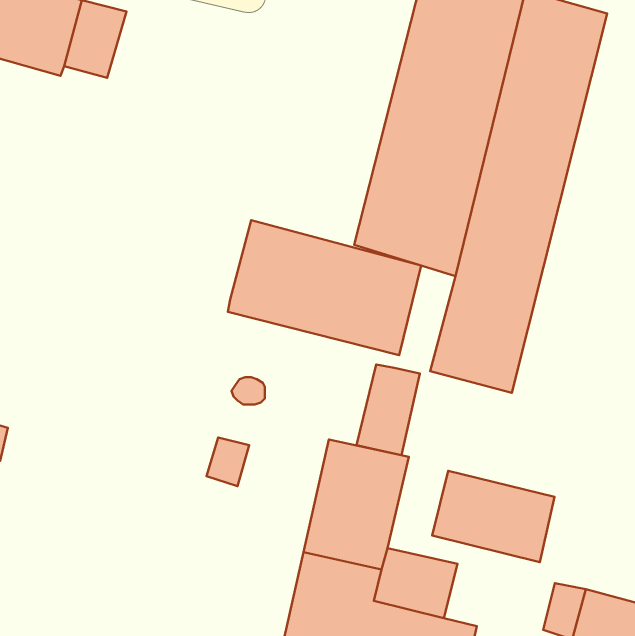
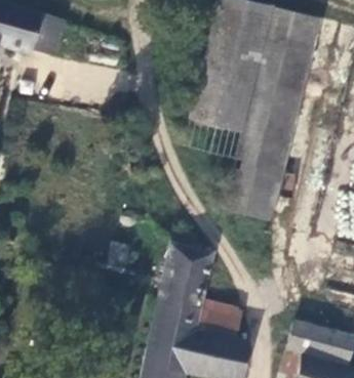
building: [228,220,421,355] -> none
building: [356,364,420,455] -> none
building: [432,471,554,562] -> none

